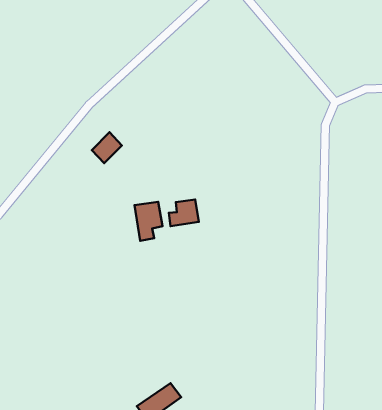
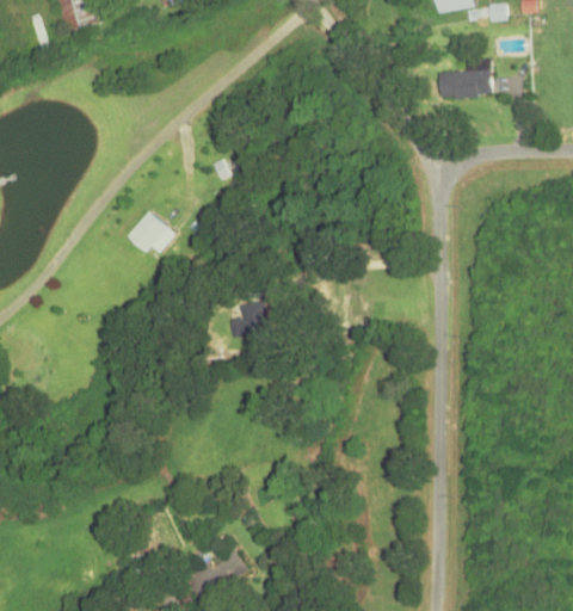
building: none -> [438,60,491,98]
building: [135,202,162,241] -> none

